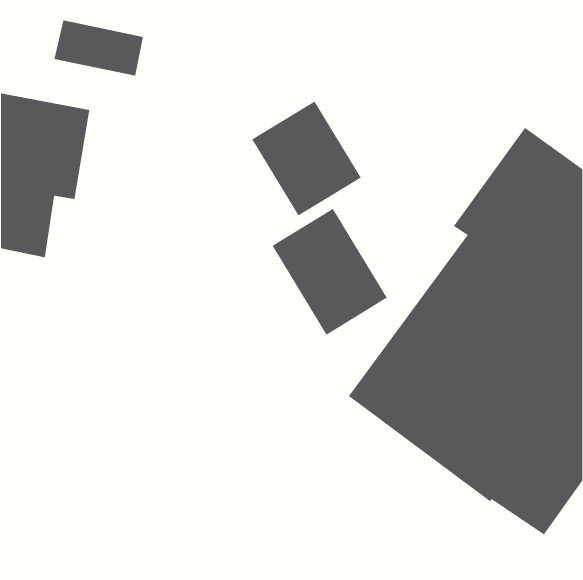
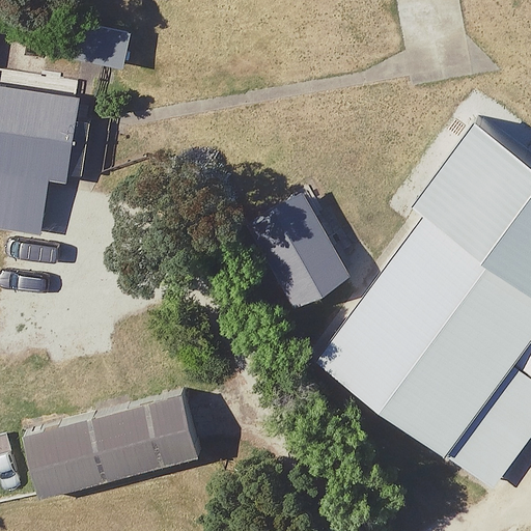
building: [251,101,362,216] -> none
building: none -> [24,390,203,502]

